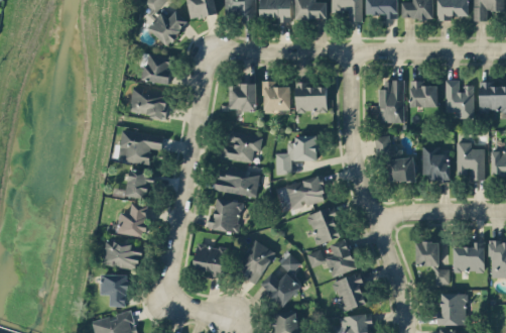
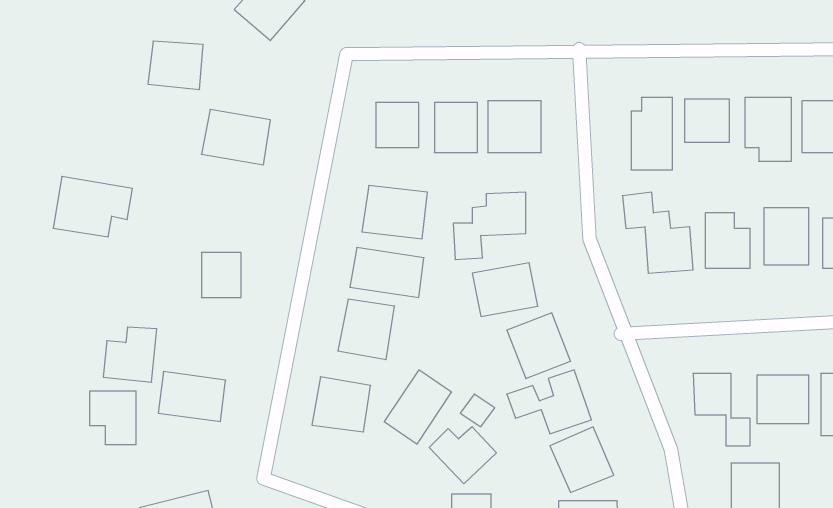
building: [139,54,171,83] -> [148,41,203,89]
building: [116,129,162,164] -> [53,176,132,237]
building: [118,204,149,236] -> [103,327,157,382]
building: [101,274,128,306] -> [90,391,136,444]

